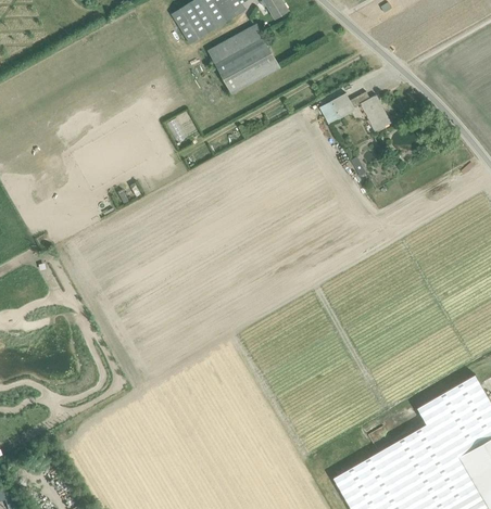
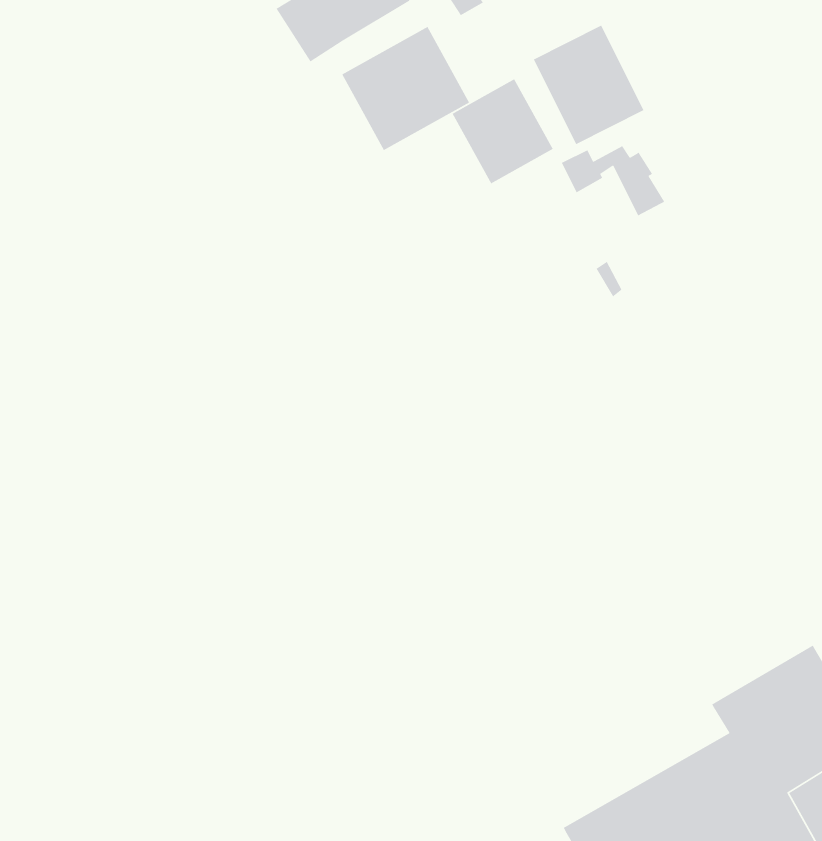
building: none -> [533,25,645,145]
building: none -> [451,78,554,184]

